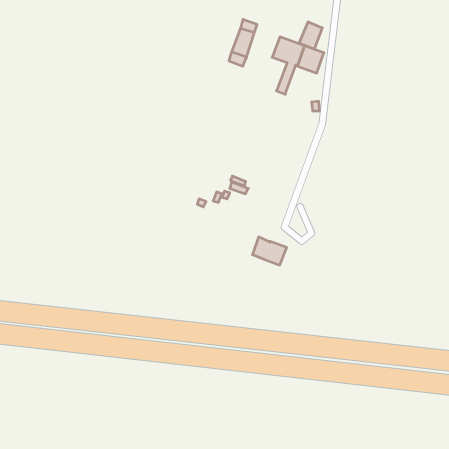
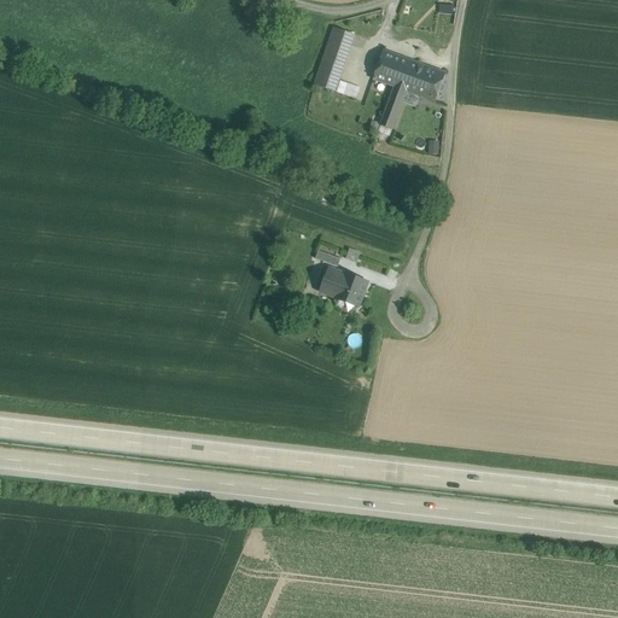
building: [299,22,322,49] -> none
building: [252,237,287,265] -> [320,267,367,305]

